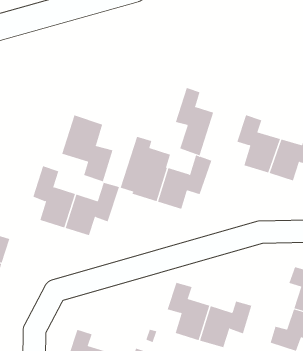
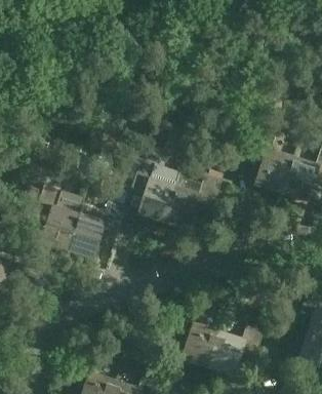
building: [175,87,214,156] -> none
building: [61,114,113,182] -> none

